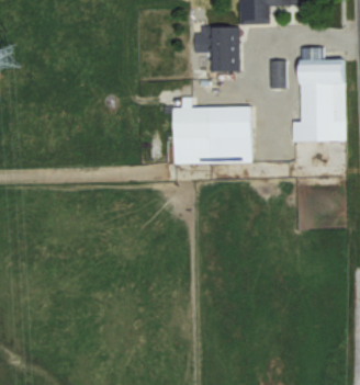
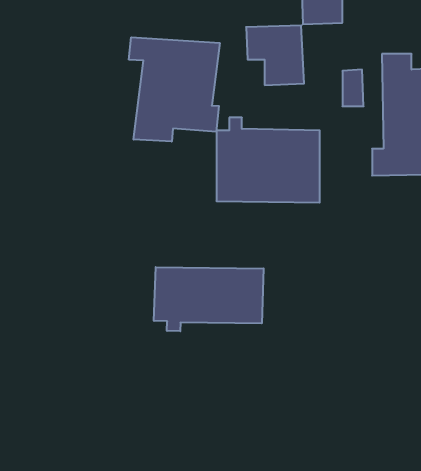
building: none -> [129,37,220,142]
building: none -> [154,267,264,331]

